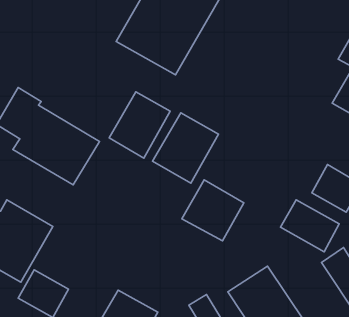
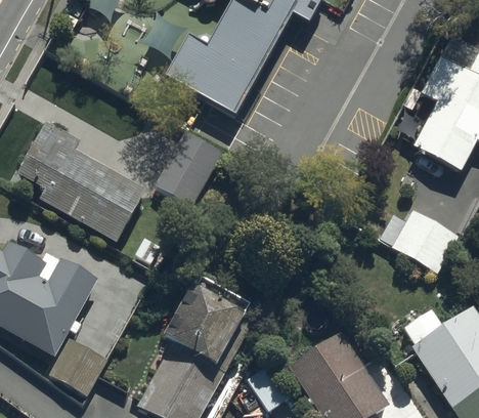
building: [153,113,219,183] -> none
building: [182,180,244,241] -> [168,290,240,361]
building: [281,200,339,252] -> none

